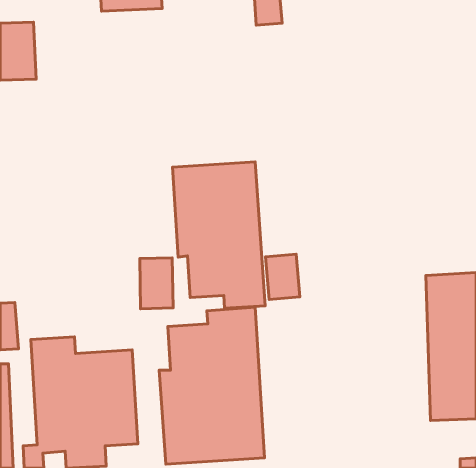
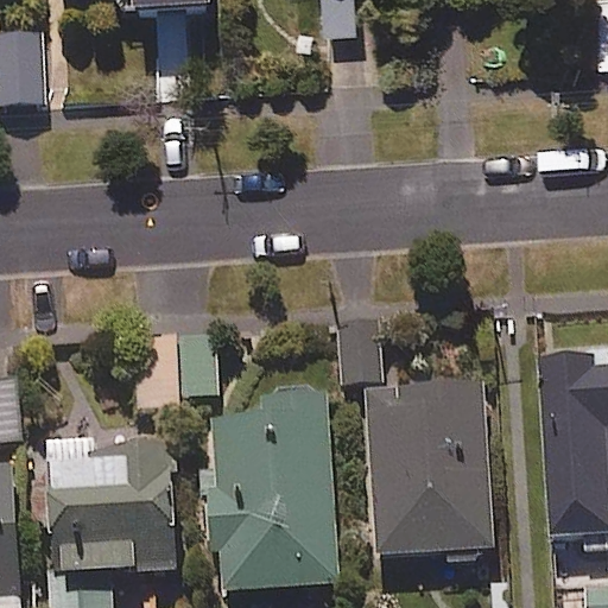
building: [173,162,265,308] -> none
building: none -> [367,382,490,556]

